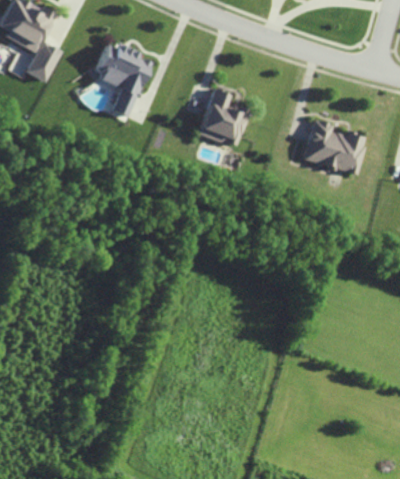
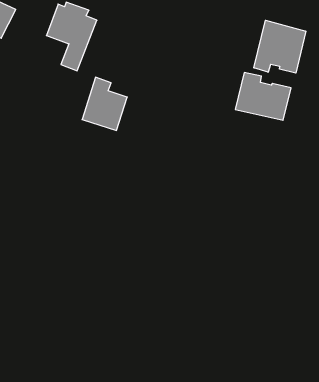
building: none -> [254,20,306,73]
building: [197,87,247,146] -> [82,77,127,130]

